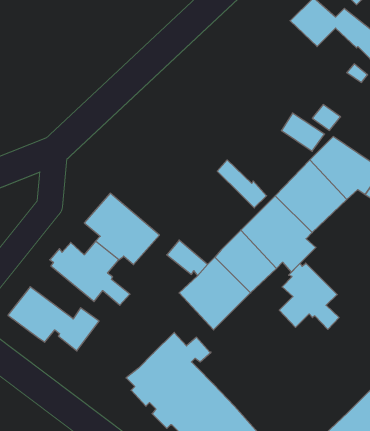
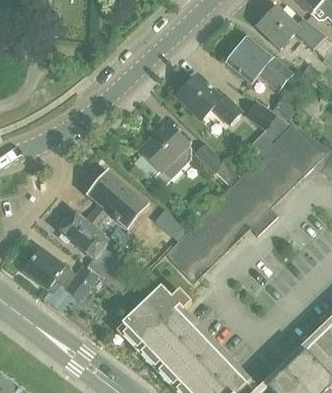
building: none -> [227,36,291,87]
building: none -> [177,73,240,120]
building: none -> [140,118,191,184]
building: [279,263,339,329] -> none

